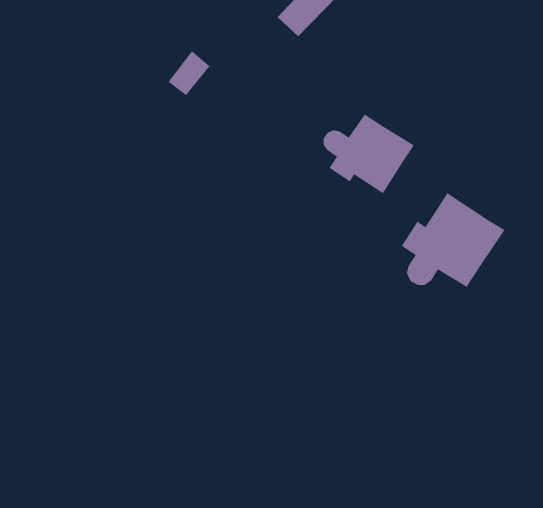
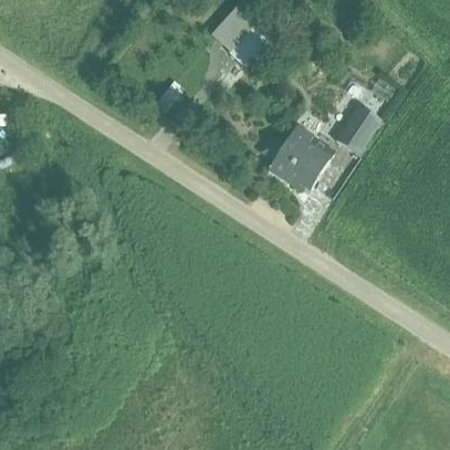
building: none -> [335,104,383,156]
building: [401,192,505,288] -> none

